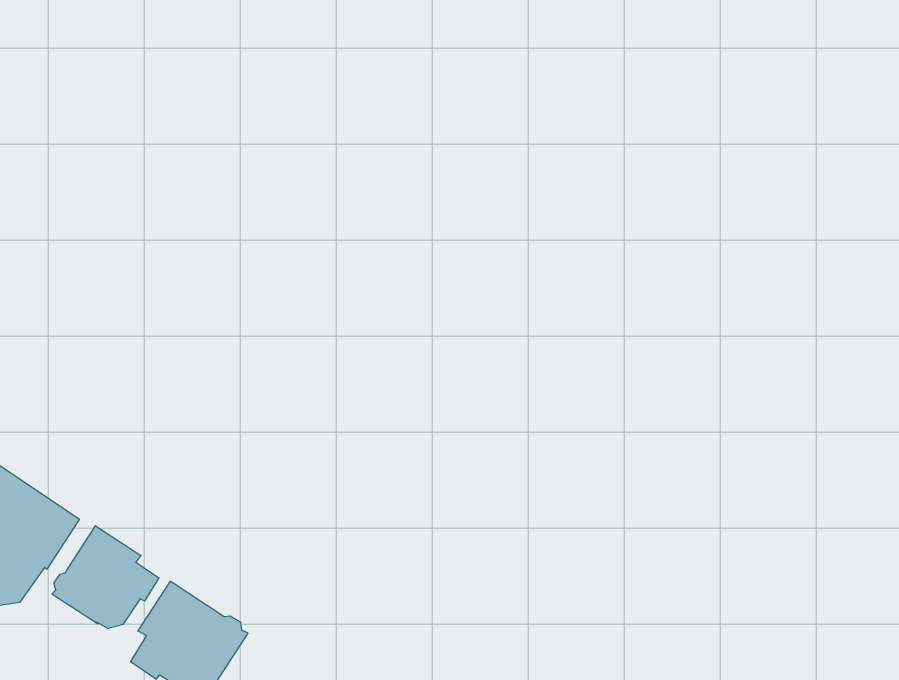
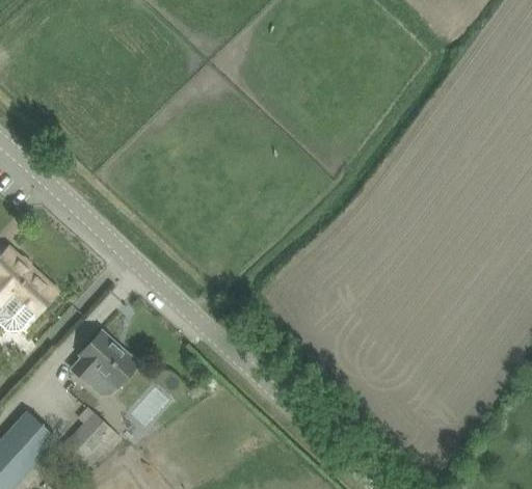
building: [52,526,159,628] -> none

